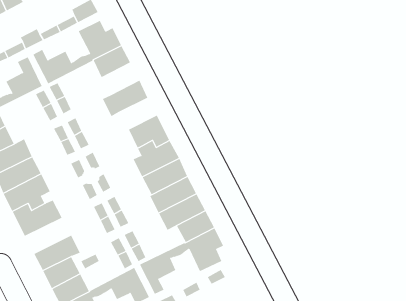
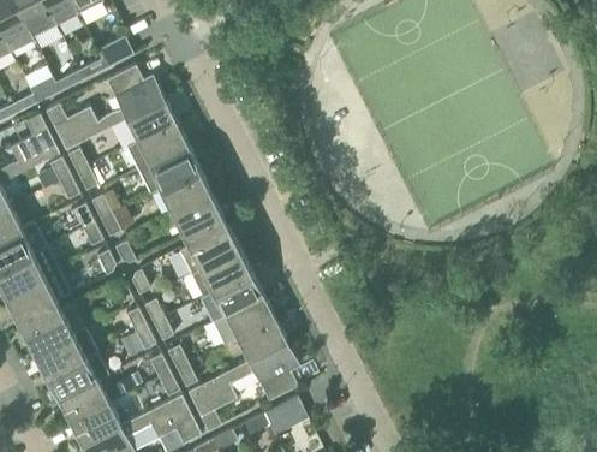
building: none -> [125,121,187,170]
building: none -> [160,168,210,210]
building: none -> [34,328,96,376]

